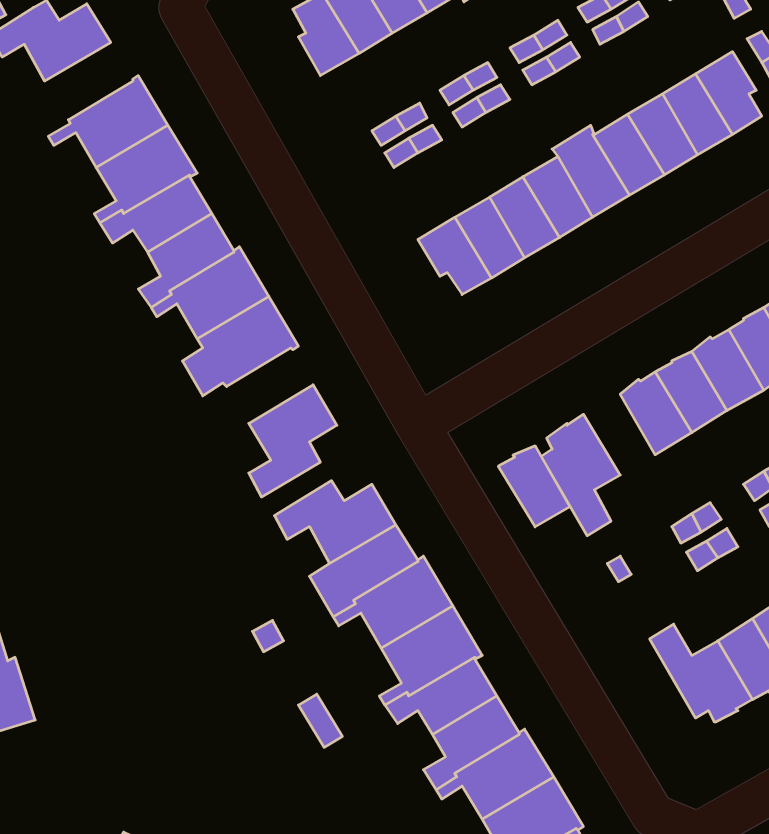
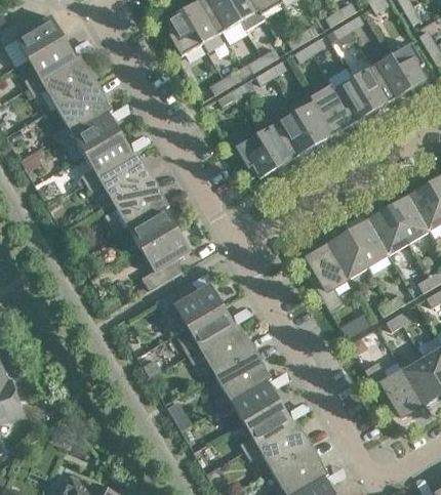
building: none -> [24,37,77,89]
building: none -> [116,207,177,249]
building: [498,446,570,527] -> [328,233,368,278]

